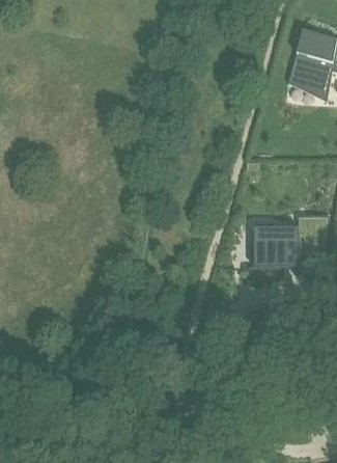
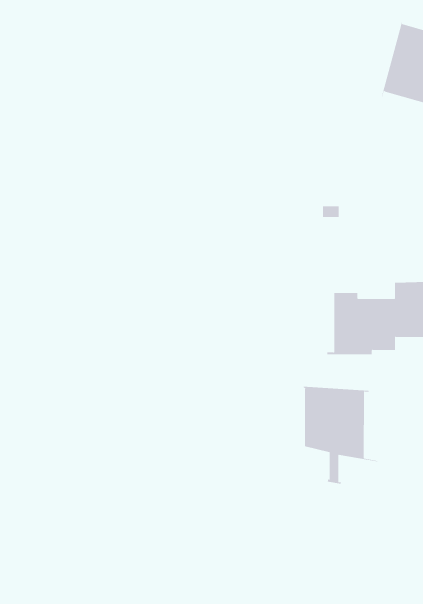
building: none -> [303,386,378,485]

